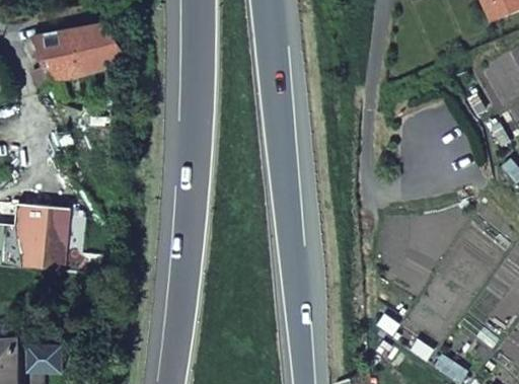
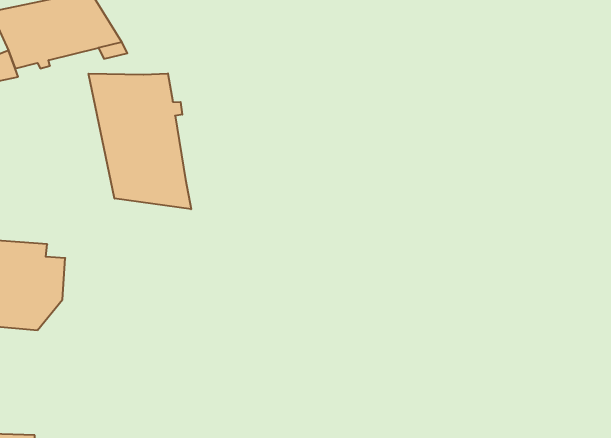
building: none -> [89,73,191,209]

